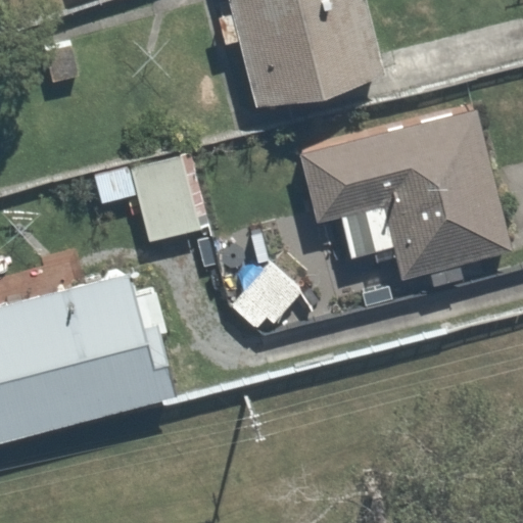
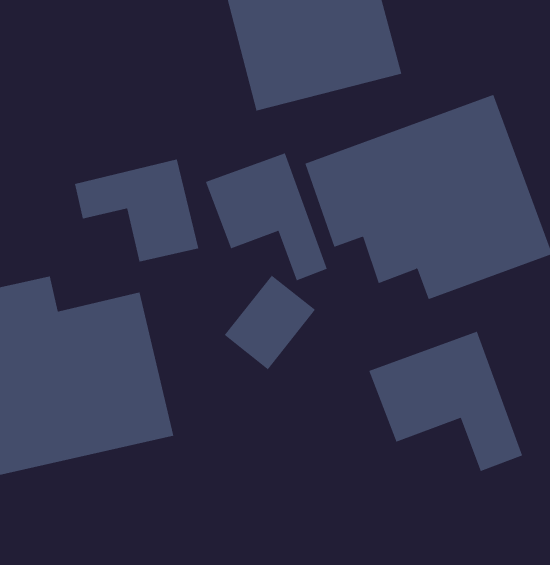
building: none -> [205,152,328,281]
building: none -> [369,331,523,472]

